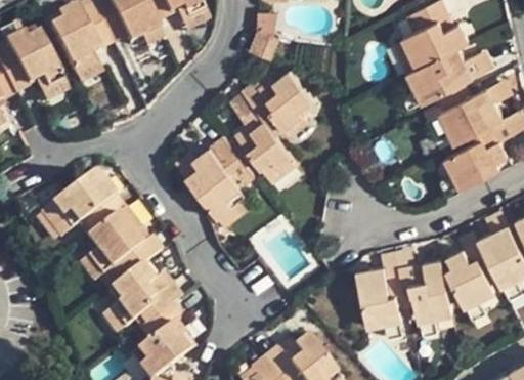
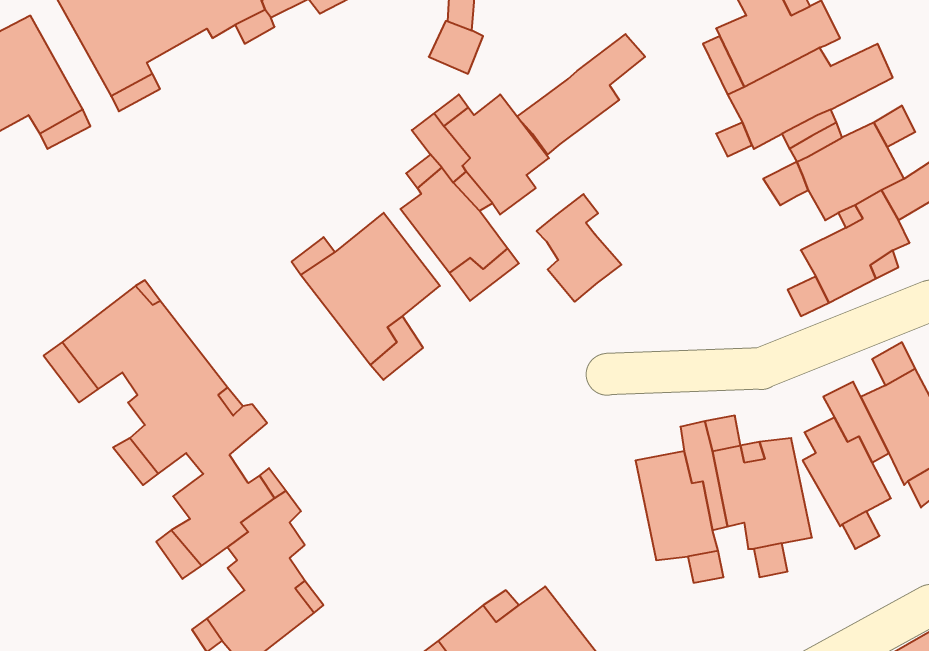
building: none -> [517,34,645,155]
building: none -> [537,194,621,302]

